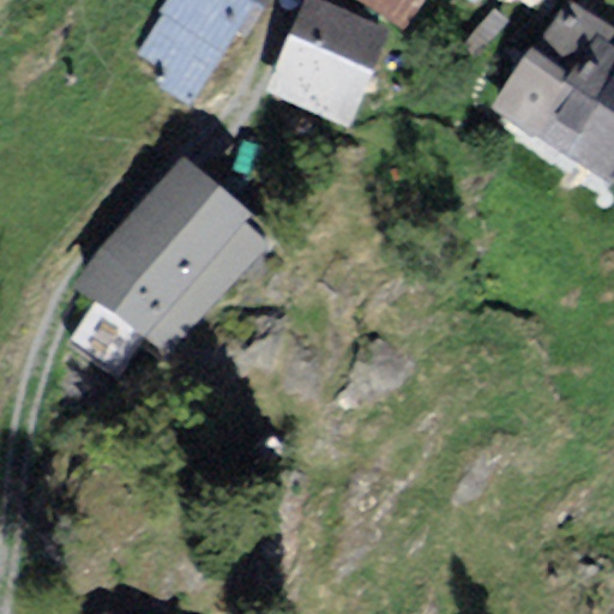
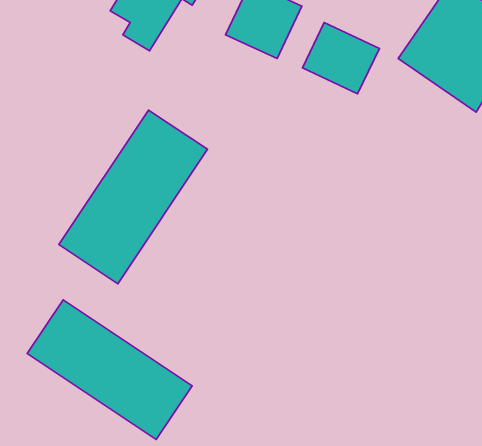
building: none -> [302,23,379,94]
building: none -> [27,300,192,439]

